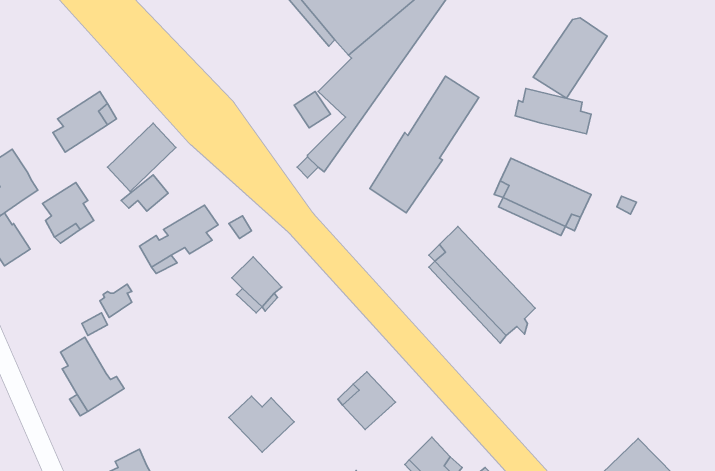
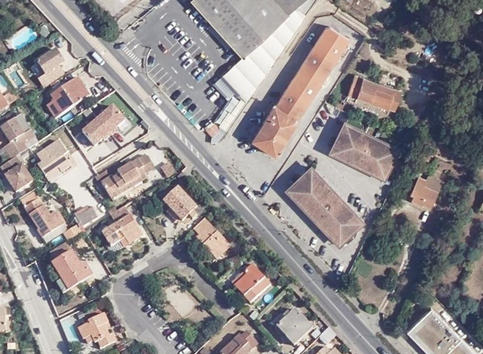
building: [533,18,607,98] -> [303,30,352,83]
building: none -> [35,49,63,88]
building: none -> [410,174,441,206]
building: none -> [17,191,61,237]
building: none -> [103,206,145,246]
building: none -> [193,218,230,258]

